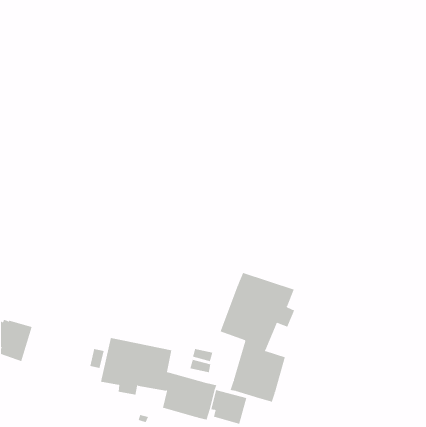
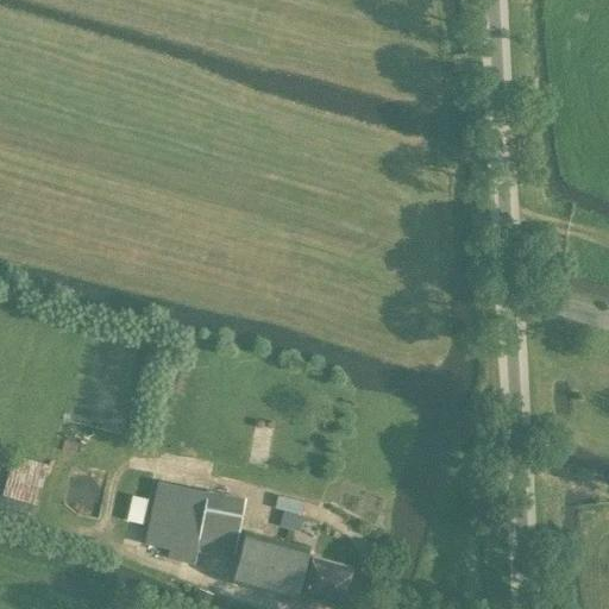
building: [220,272,295,402] -> none

